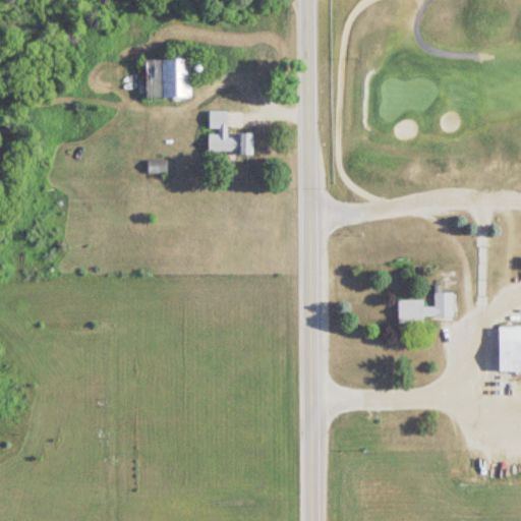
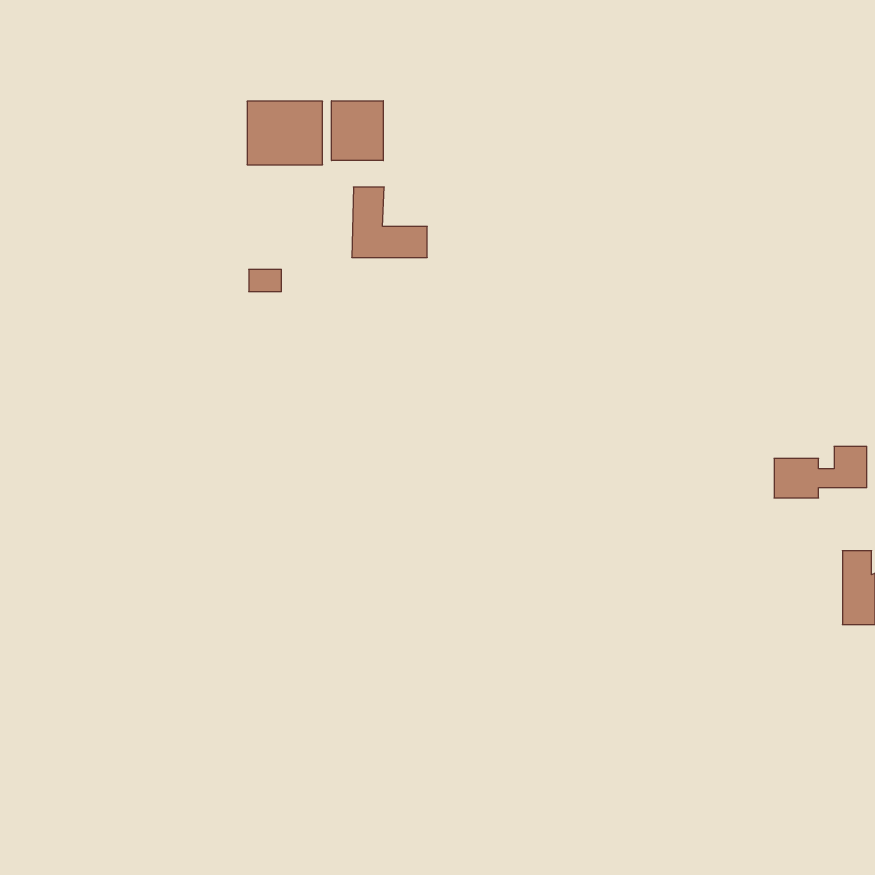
building: none -> [332,101,383,161]
building: [398,293,453,324] -> [774,446,867,498]

